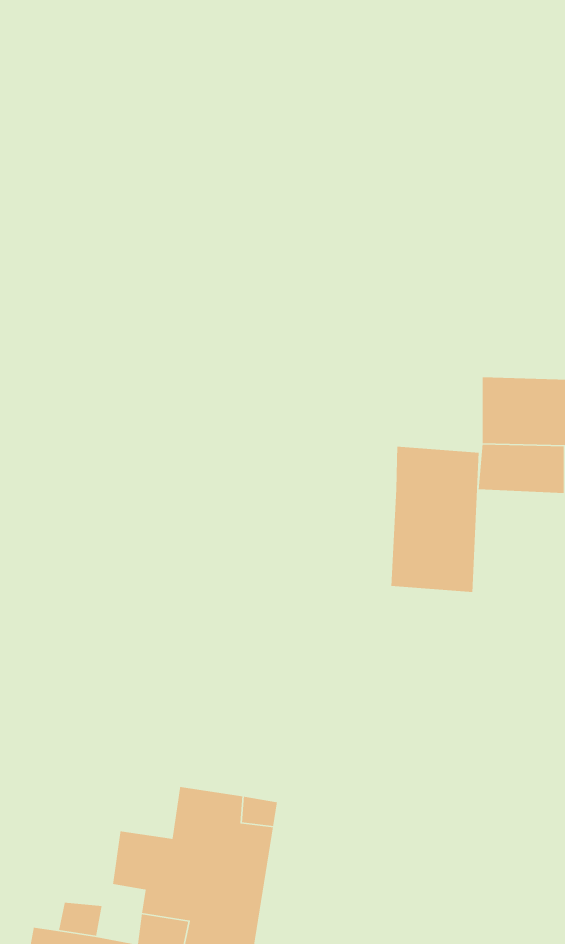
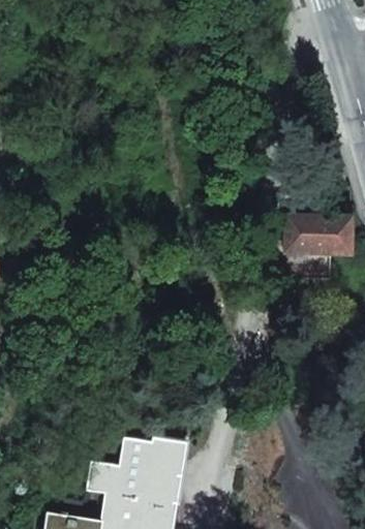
building: [390,446,480,593] -> none

